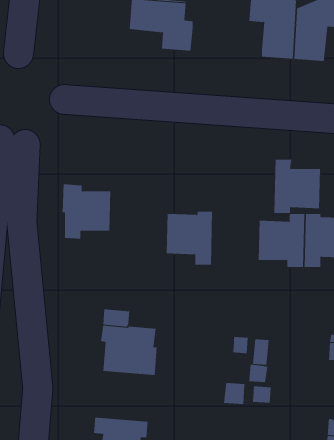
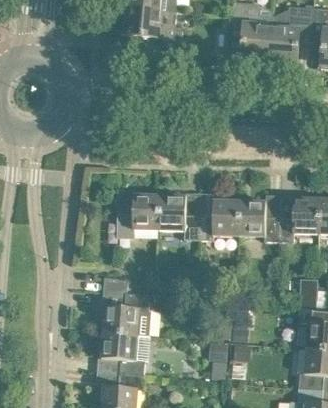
building: [274,159,321,213] -> [198,193,239,240]
building: [62,184,111,239] -> [116,189,159,237]
building: none -> [96,332,144,376]

